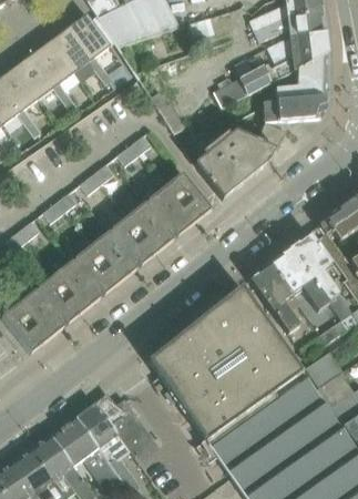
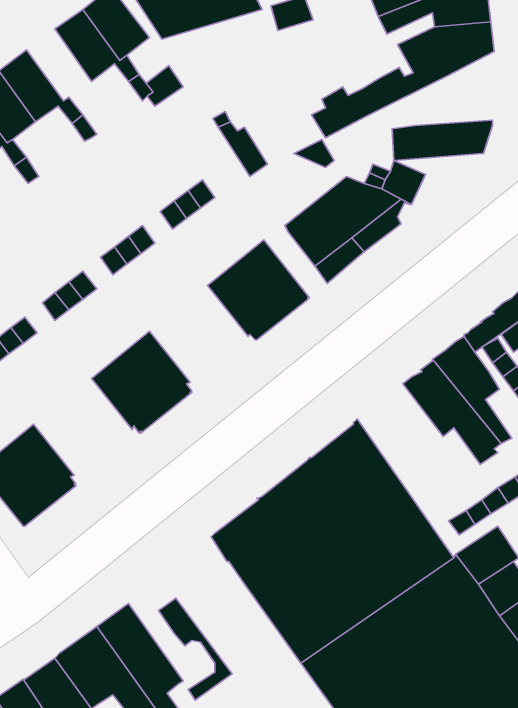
building: [32,39,73,84] -> none
building: [276,53,327,100] -> none
building: [110,201,173,265] -> none
building: [37,259,100,323] -> none
building: [249,263,299,335] -> none
building: [96,394,151,456] -> none

